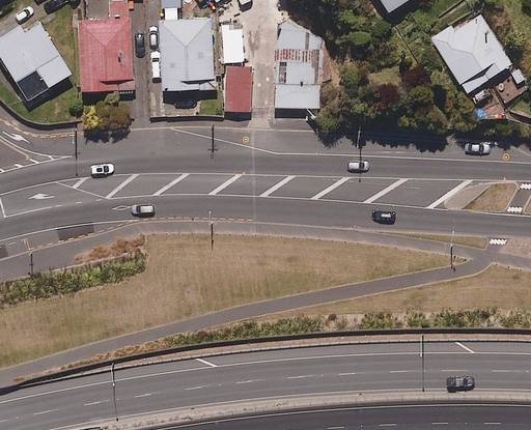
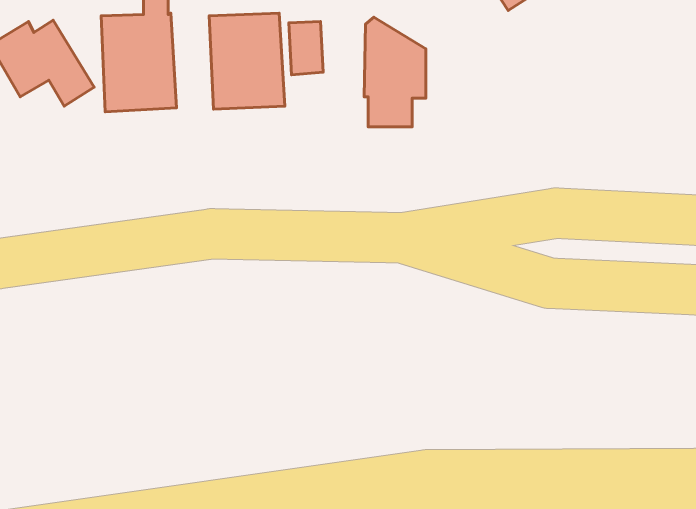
building: [427,15,511,94] -> none
building: [224,66,252,112] -> none

